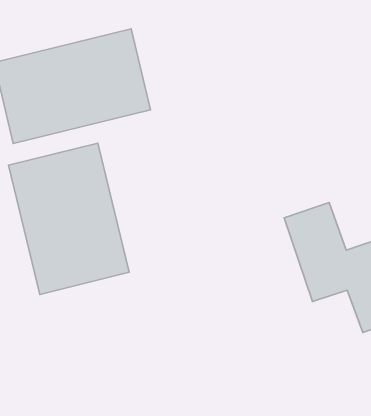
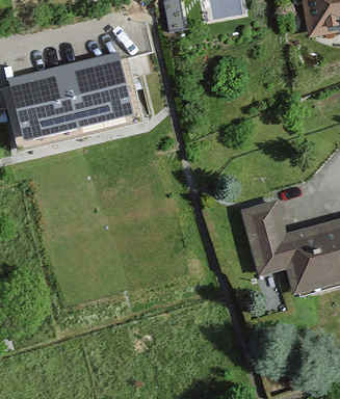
building: [8,143,129,294] -> none

